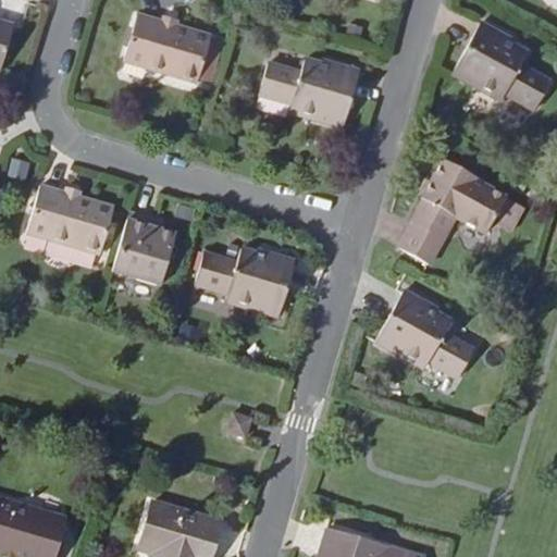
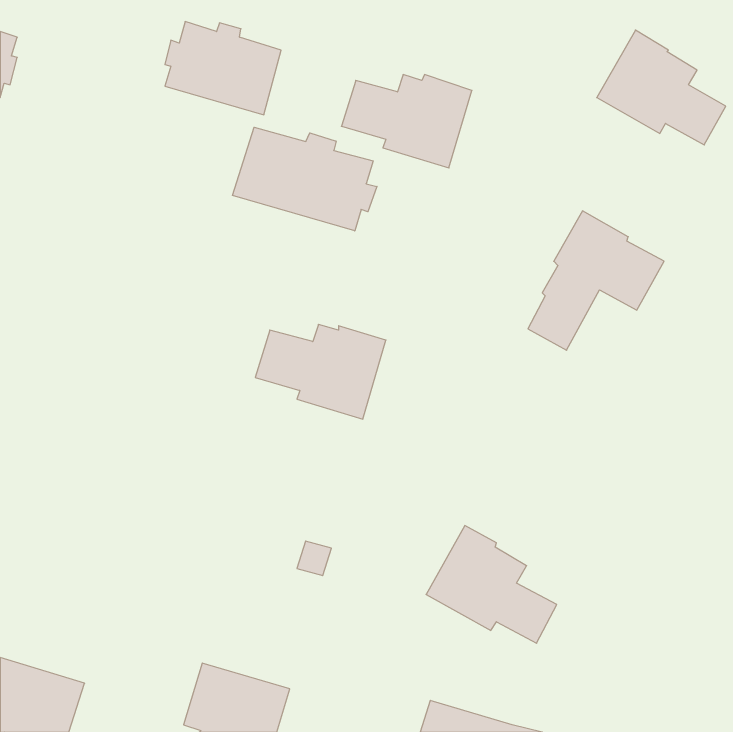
building: none -> [232,127,377,231]
building: [30,187,117,258] -> none
building: [116,213,182,288] -> none
building: [375,289,474,379] -> [426,526,557,643]

